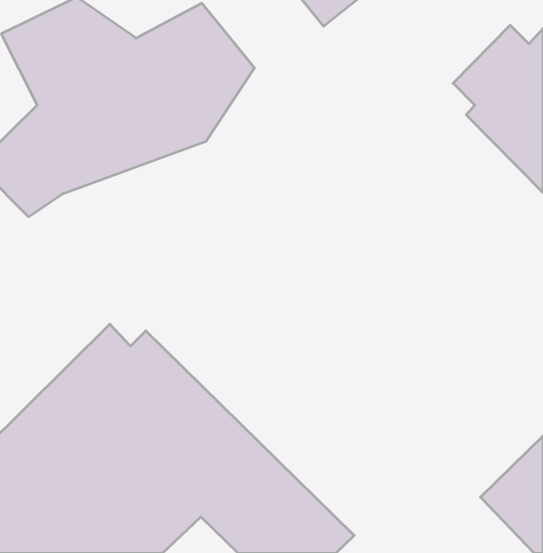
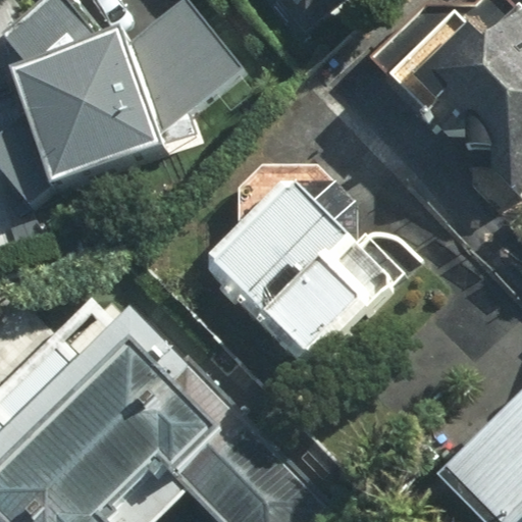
building: none -> [210,176,389,362]

